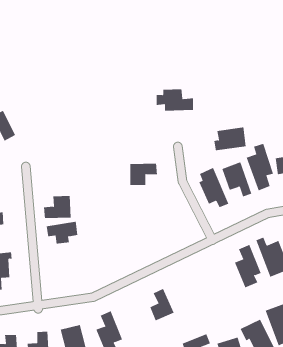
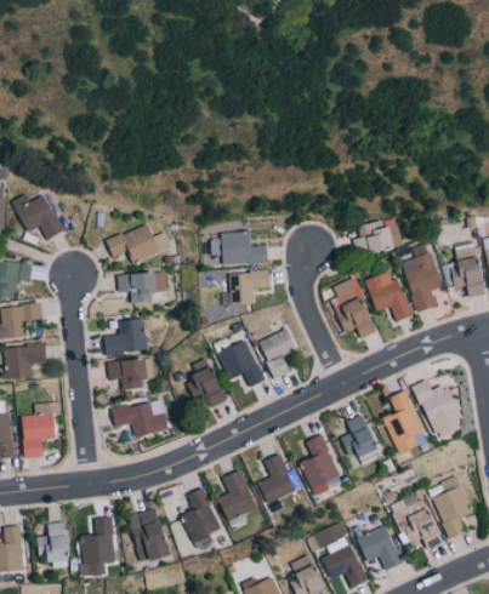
building: [156,89,194,111] -> [212,232,268,264]
building: none -> [108,224,171,263]
building: none -> [118,270,167,303]
building: none -> [258,329,297,379]
building: none -> [217,341,265,388]
building: none -> [187,358,227,407]
building: none -> [112,399,167,438]
building: none -> [341,415,381,462]
building: none -> [300,435,343,496]
building: none -> [218,469,258,521]

